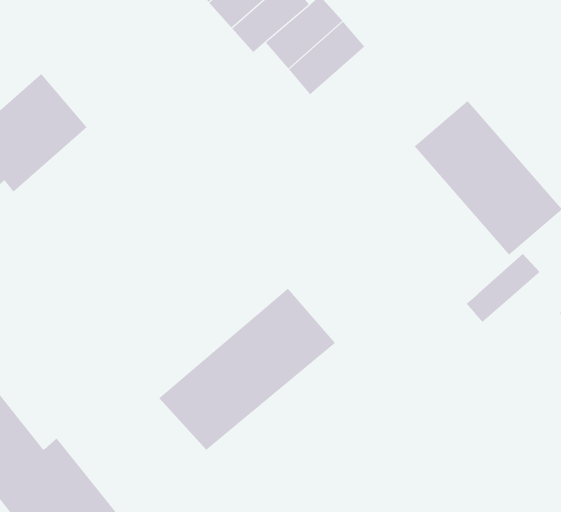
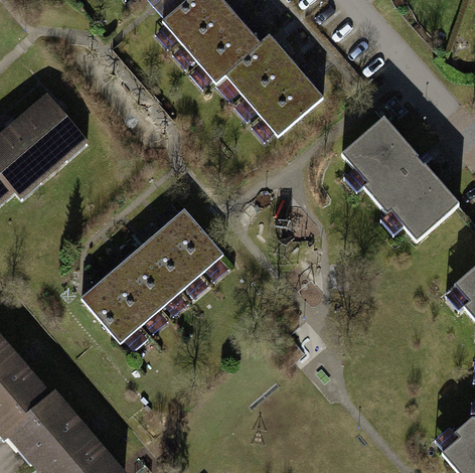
building: none -> [261,78,322,137]
building: [466,253,540,323] -> none
building: [158,288,336,451] -> [84,209,222,337]

